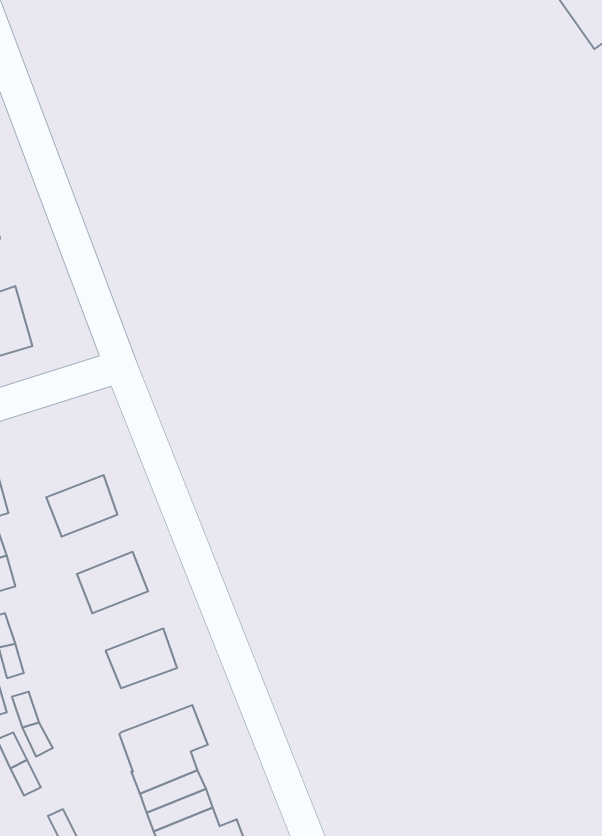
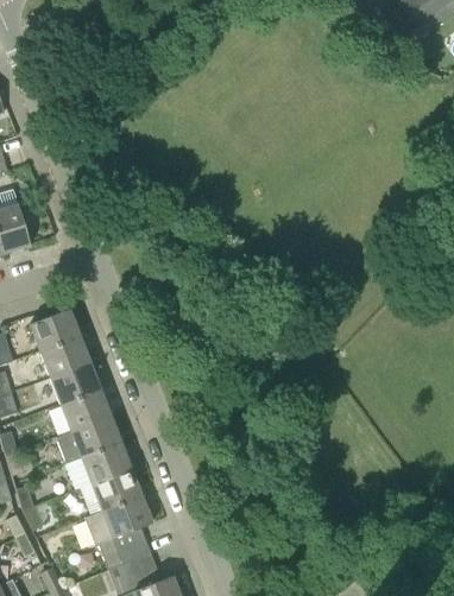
building: none -> [29,307,78,349]
building: none -> [49,361,99,402]
building: none -> [70,414,120,456]
building: none -> [80,468,140,513]

